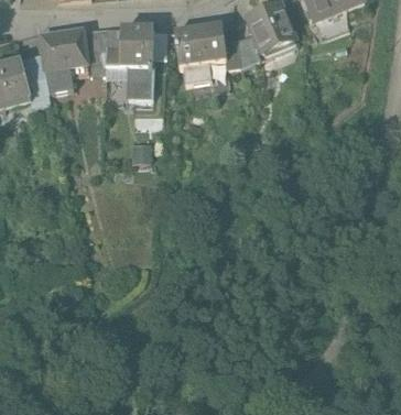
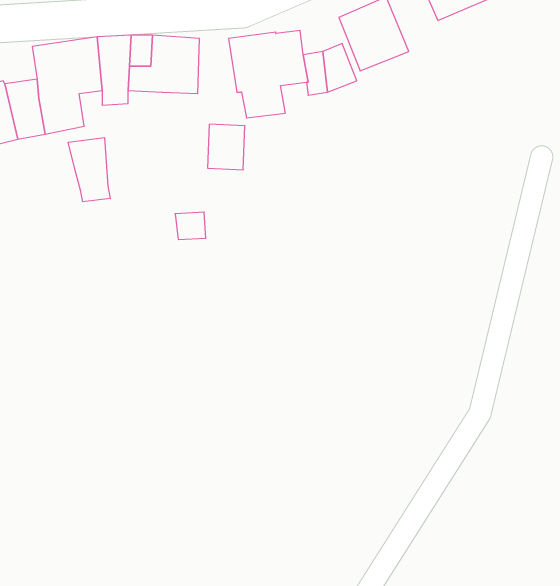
building: [127,67,152,98] -> [208,124,245,170]
building: none -> [68,138,110,202]

